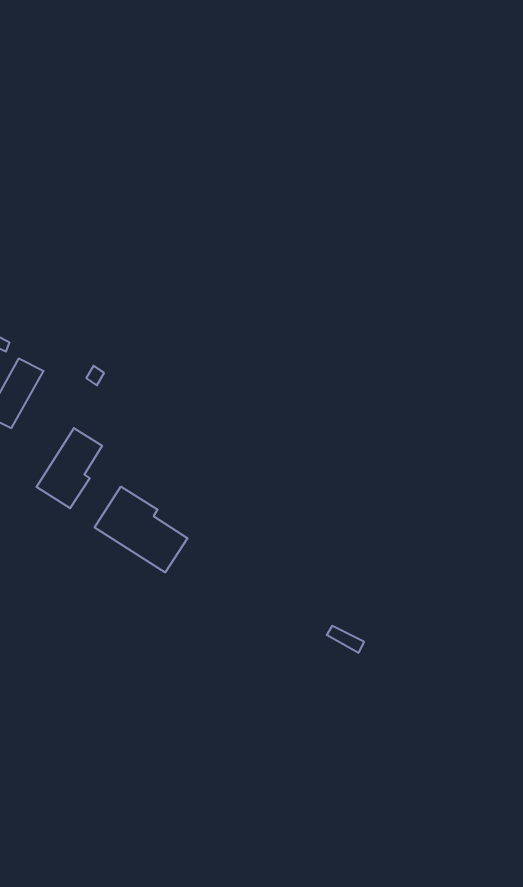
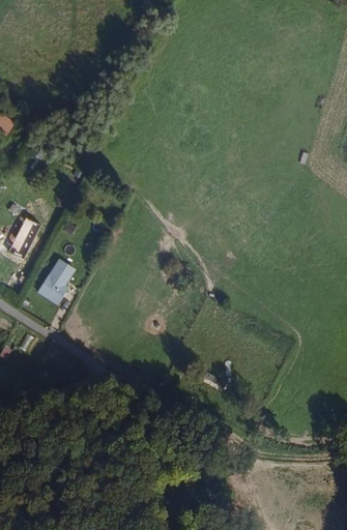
building: [95,487,187,572] -> none

